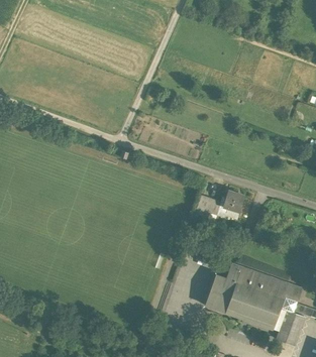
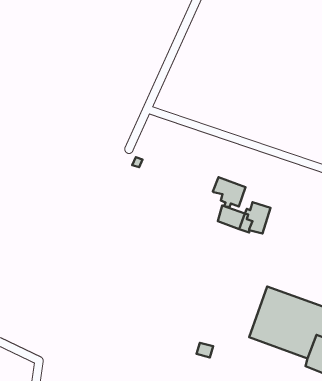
building: none -> [213,177,246,207]
building: [206,263,242,312] -> none

